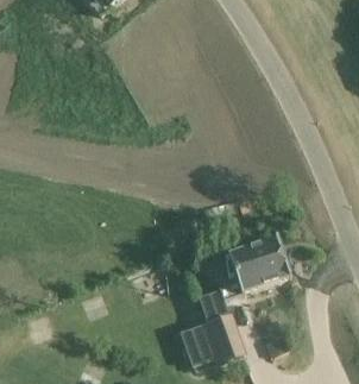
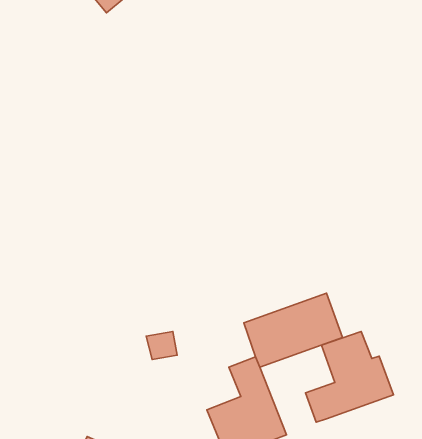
building: none -> [306,332,394,422]

